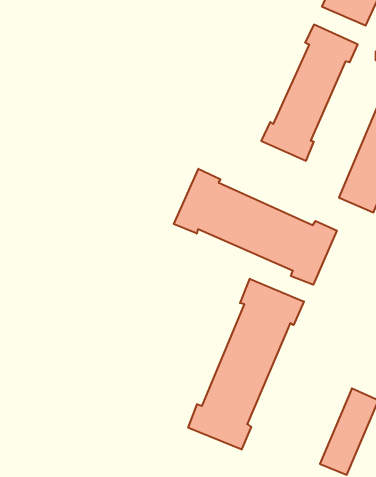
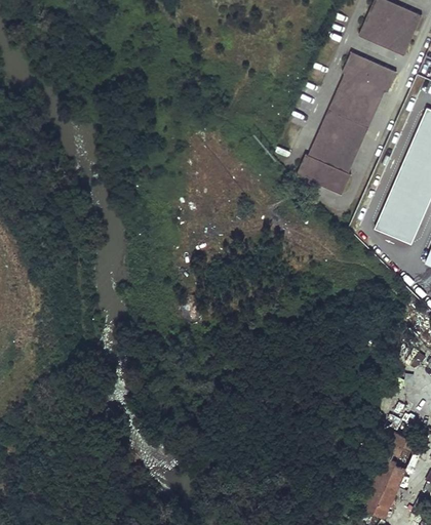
building: [174,169,337,285] -> none
building: [188,279,304,450] -> none

